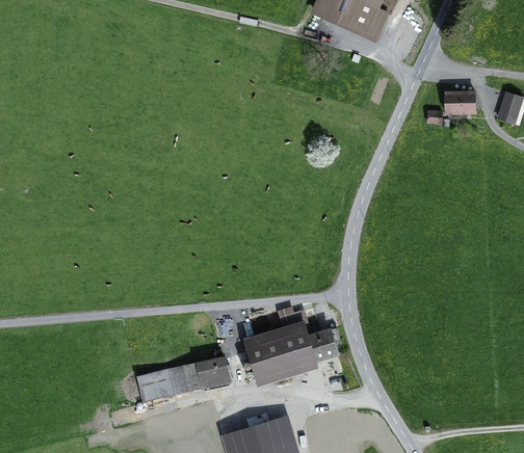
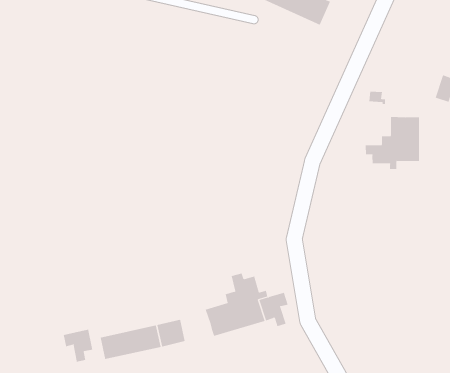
building: [444,92,474,114] -> none
building: none -> [365,116,420,170]
building: none -> [63,329,93,363]

